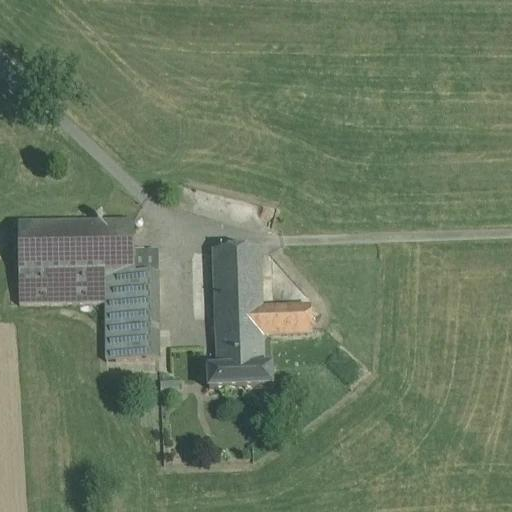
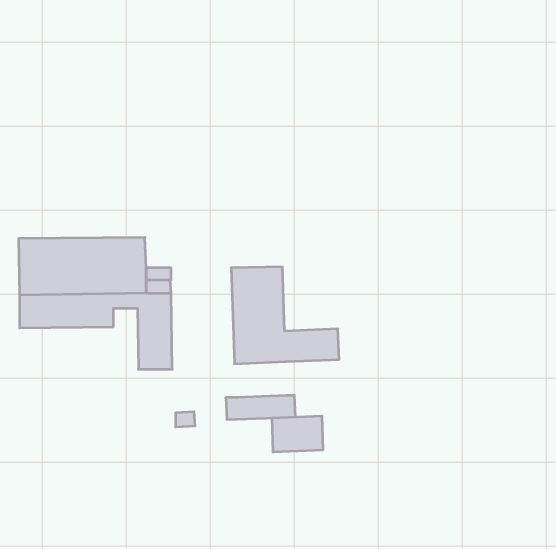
building: [104,283,158,357] -> none
building: [216,332,263,365] -> [272,416,323,452]

